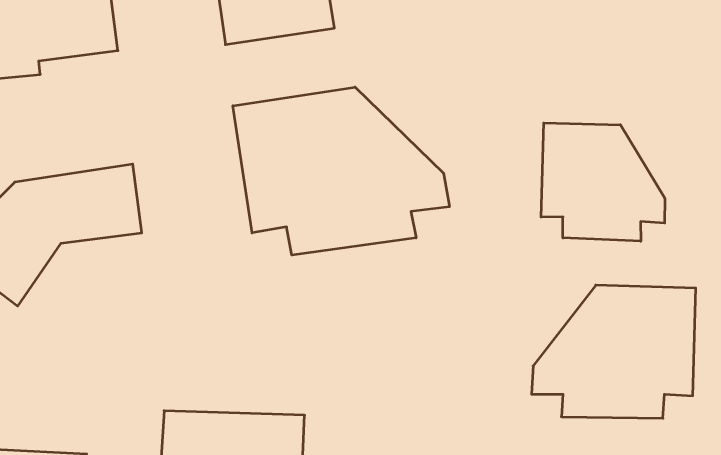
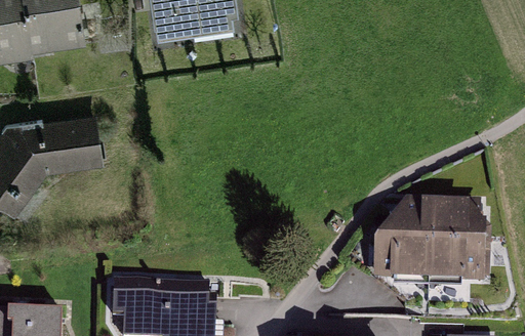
building: [233,87,449,255] -> none
building: [541,123,665,241] -> none

